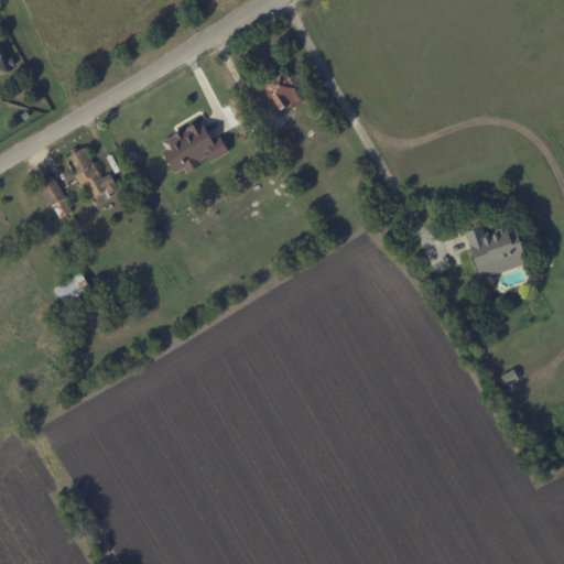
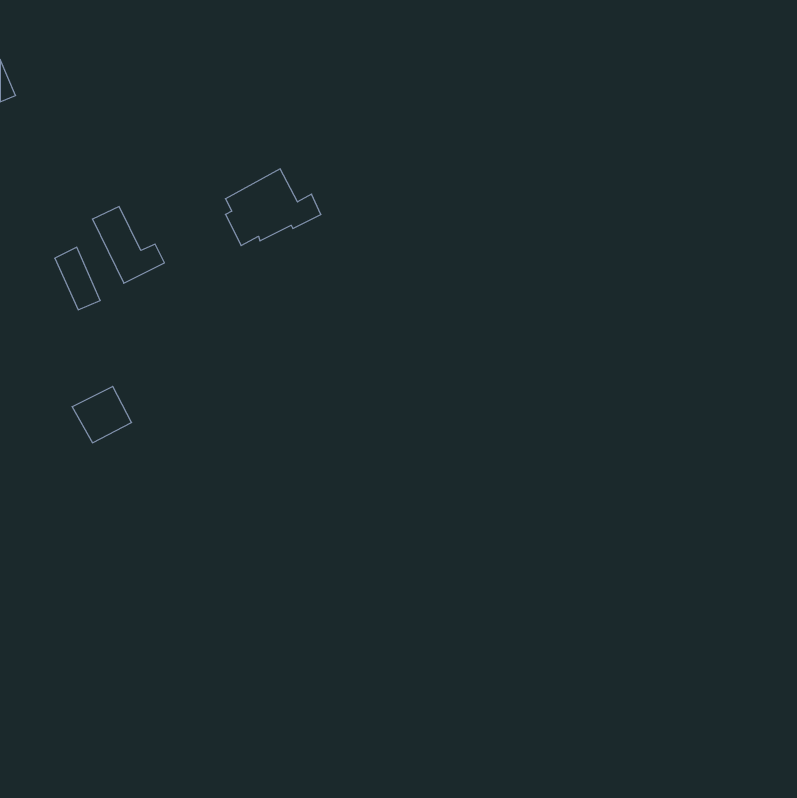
building: [261,68,299,111] -> none
building: [463,224,525,279] -> none

